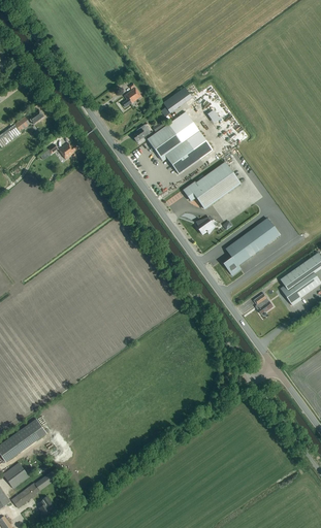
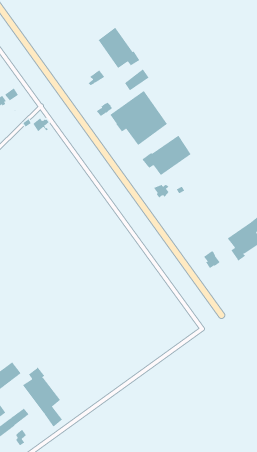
building: none -> [98,27,140,69]
building: [223,218,280,273] -> none
building: none -> [22,366,63,428]

